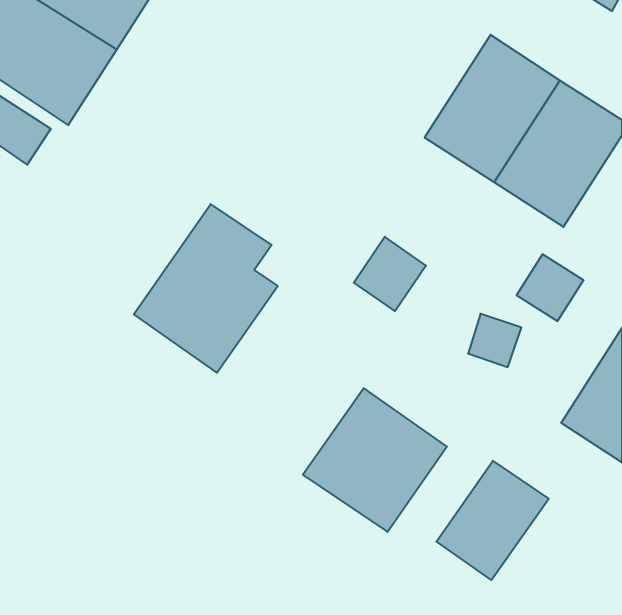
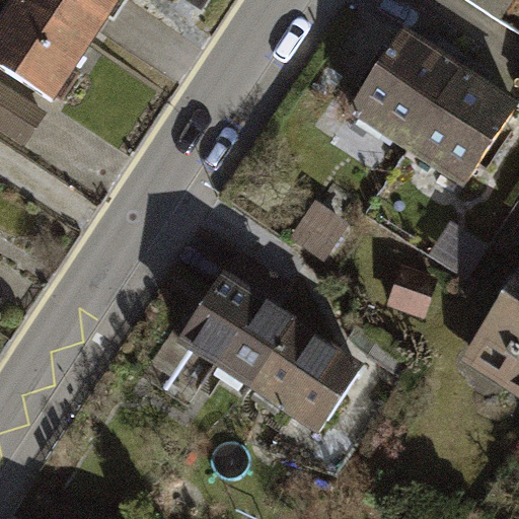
building: [134,204,278,373] -> [179,250,297,388]
building: [436,461,549,580] -> none

